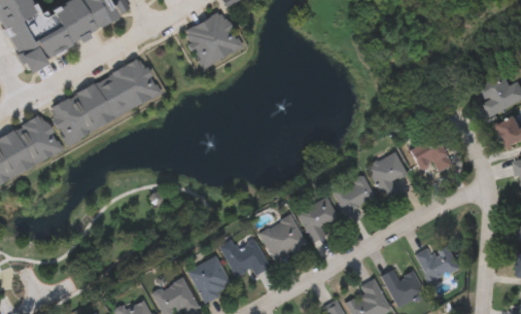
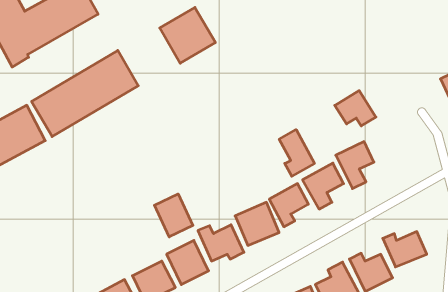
building: [411,135,454,172] -> [335,91,376,126]
building: none -> [279,130,314,176]
building: none -> [154,194,193,237]

